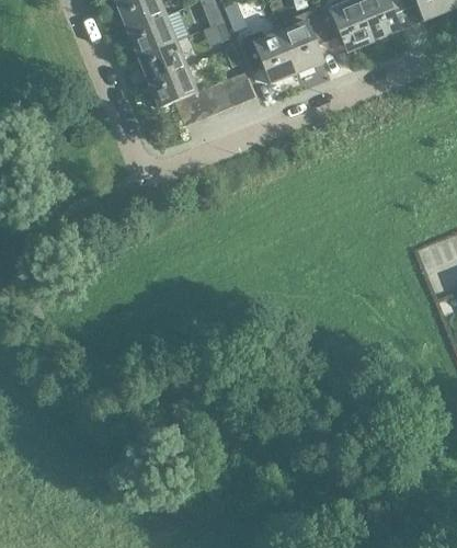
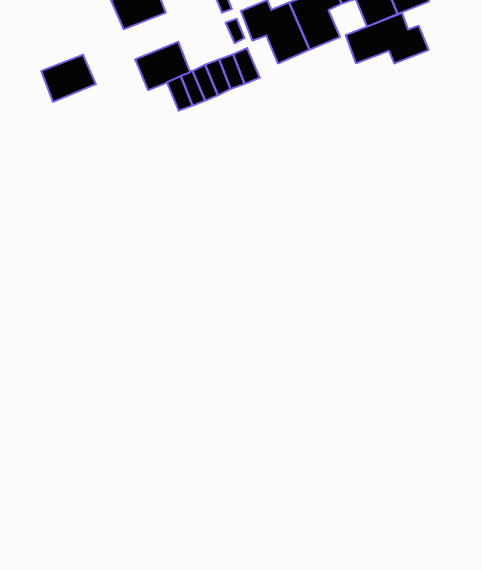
building: [139,39,186,80] -> [41,55,96,102]
building: none -> [346,13,428,64]

